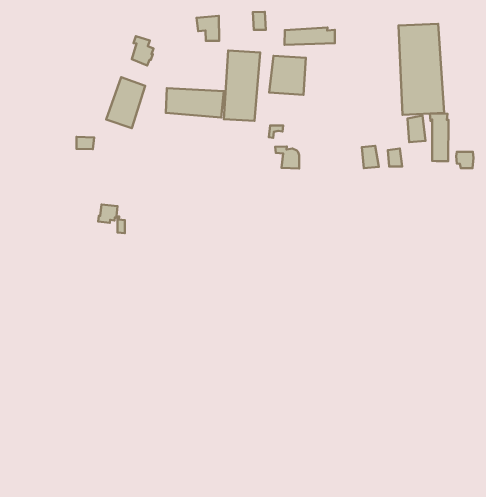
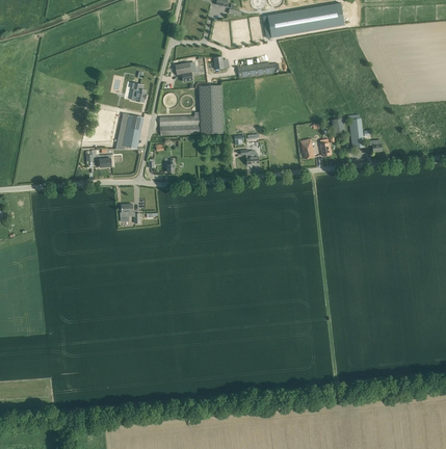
building: [398,24,444,115] -> none
building: [269,56,306,95] -> none

